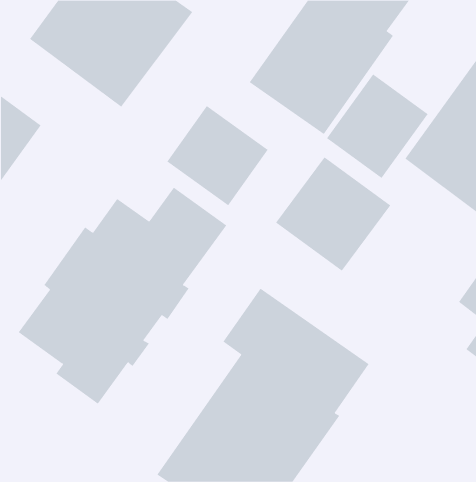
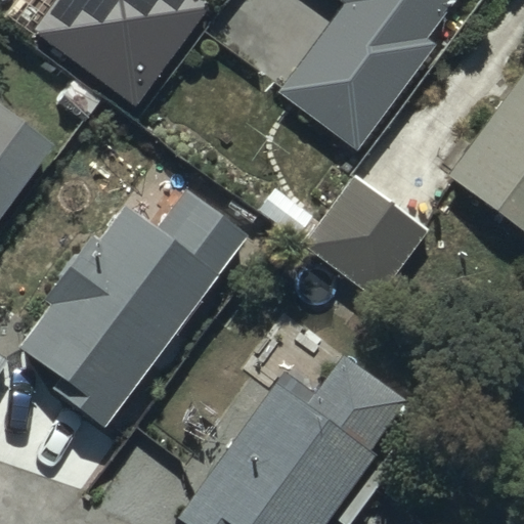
building: [326,73,428,179] -> none
building: [167,105,268,206] -> none

